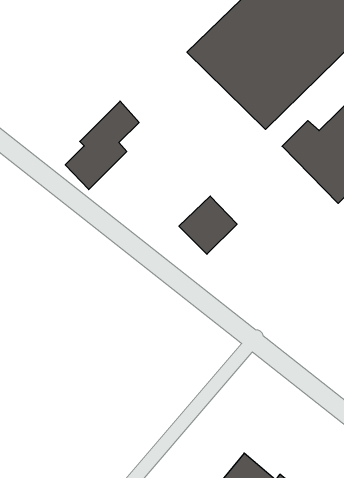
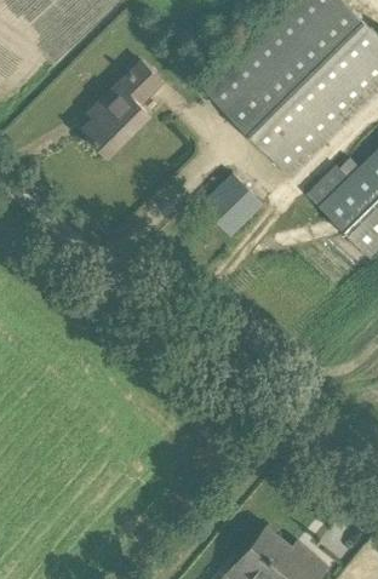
building: [65,101,139,190] -> [82,59,162,155]
building: [179,196,237,254] -> [199,173,262,236]

